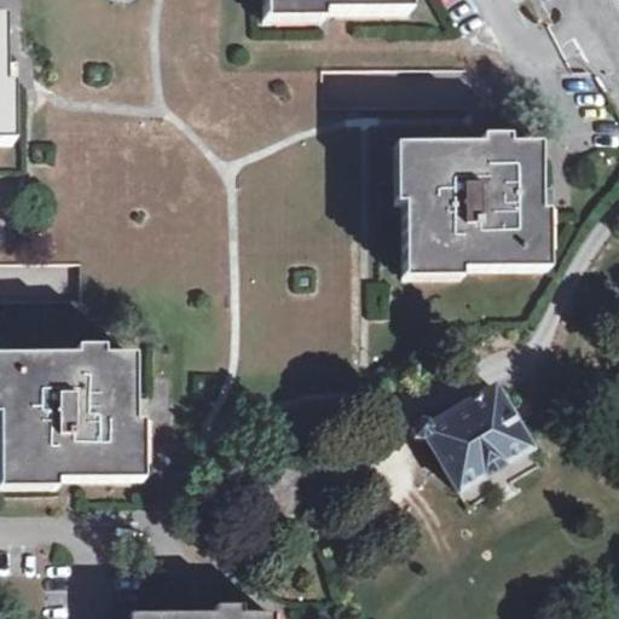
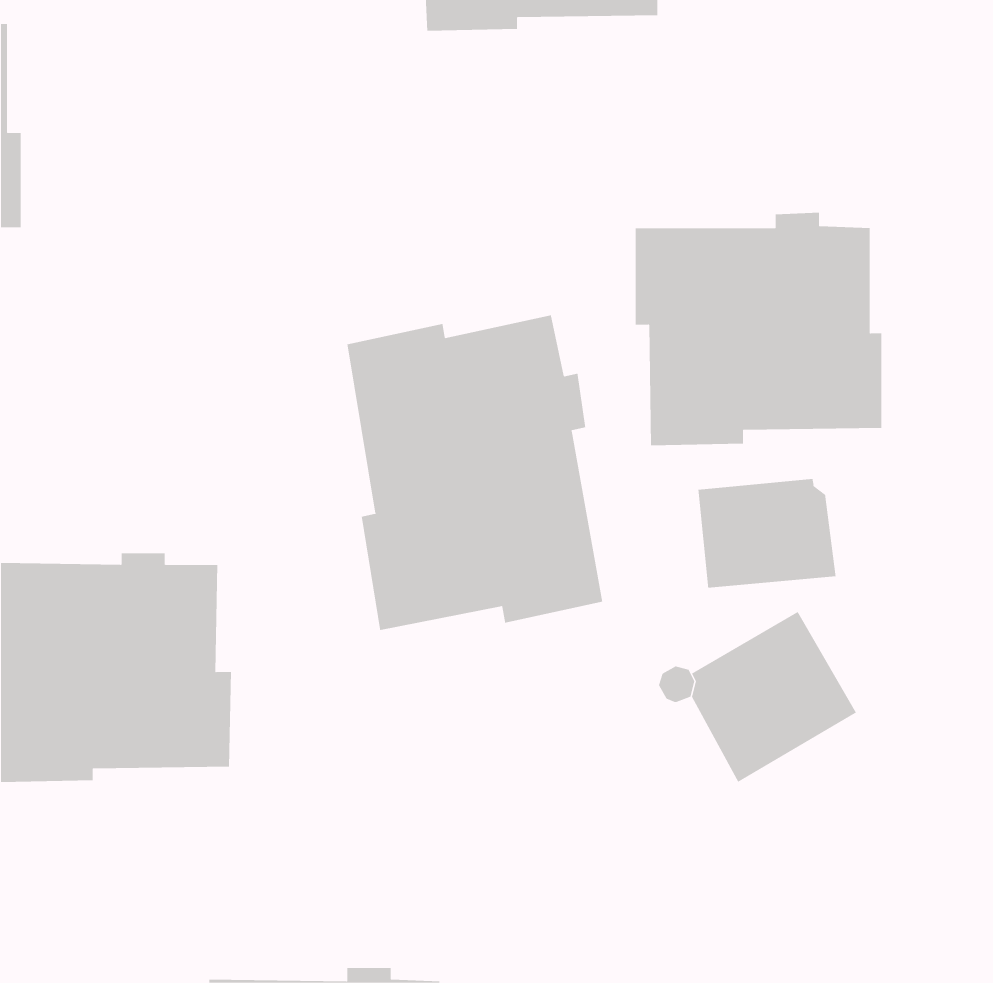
building: none -> [347,314,603,631]
building: none -> [698,478,836,588]

